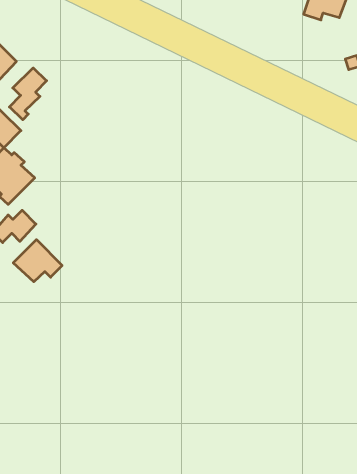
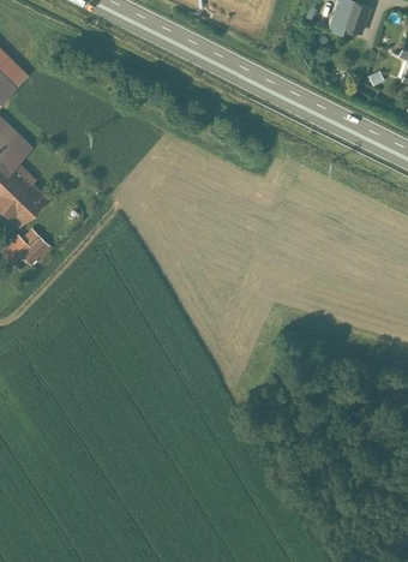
building: [9,68,47,120] -> none
building: [13,240,62,282] -> none

